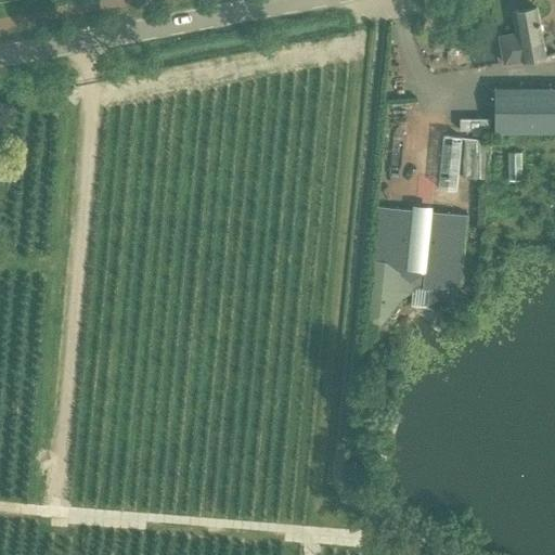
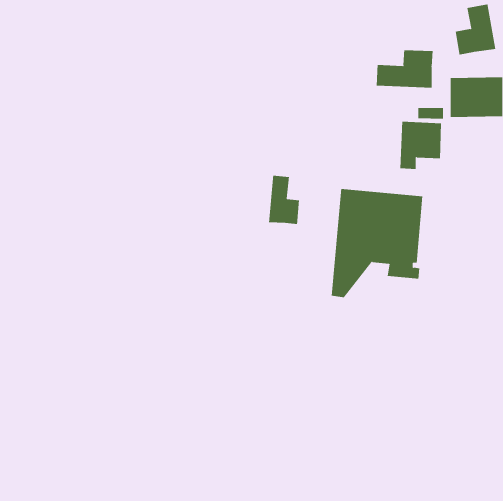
building: none -> [376,50,433,88]
building: none -> [268,175,300,225]

